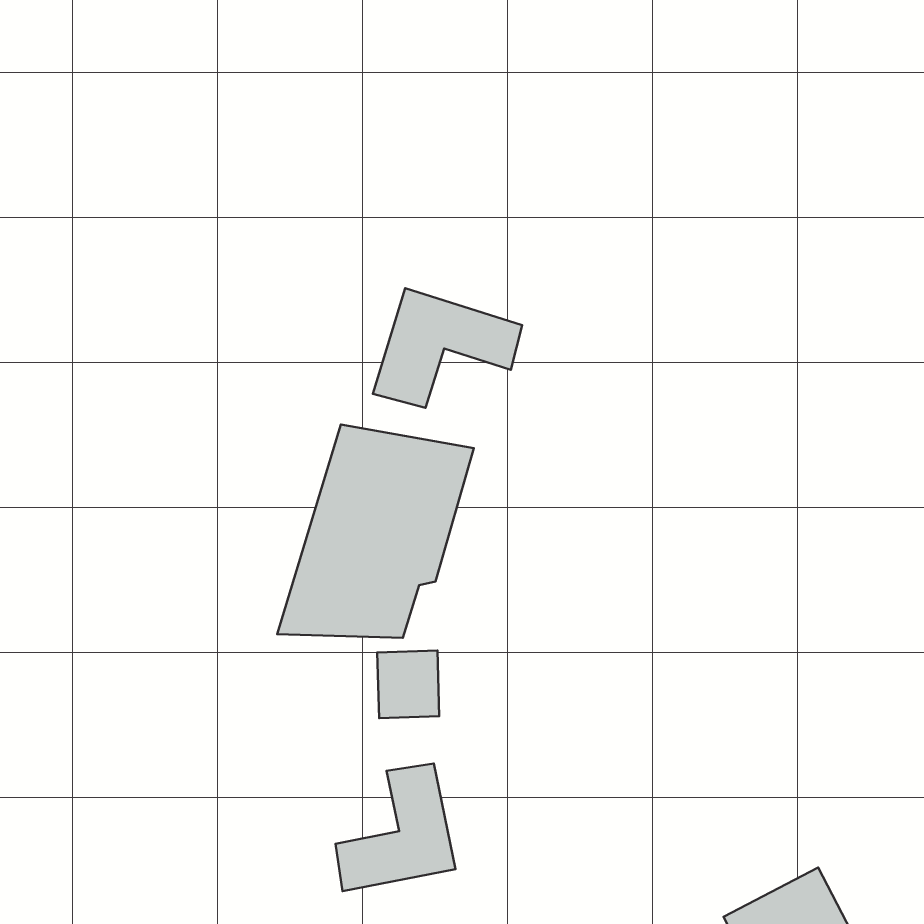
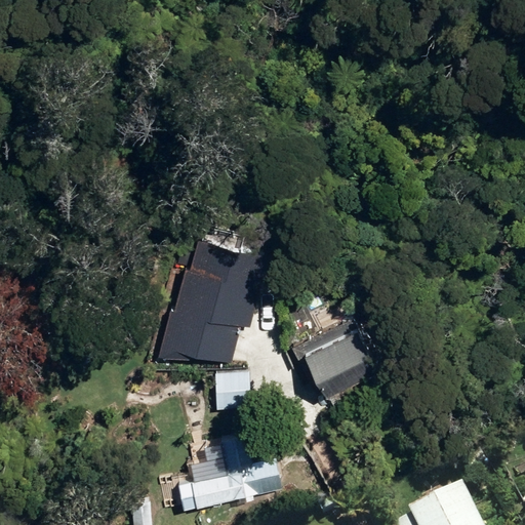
building: [373,288,522,408] -> none
building: none -> [302,322,377,392]

